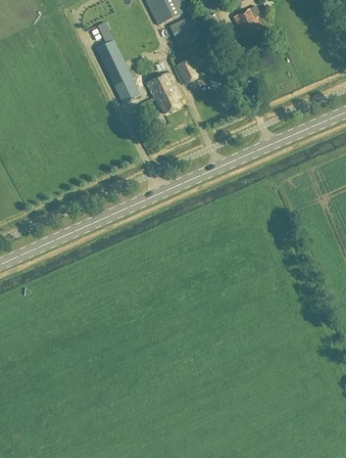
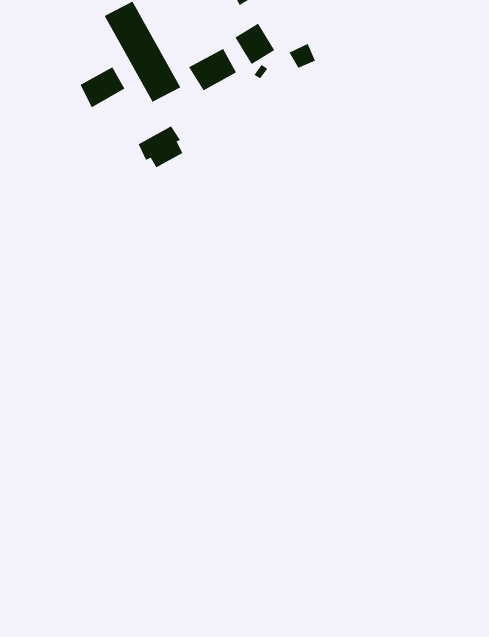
building: none -> [80,66,125,108]
building: [152,85,180,110] -> [138,126,183,168]

